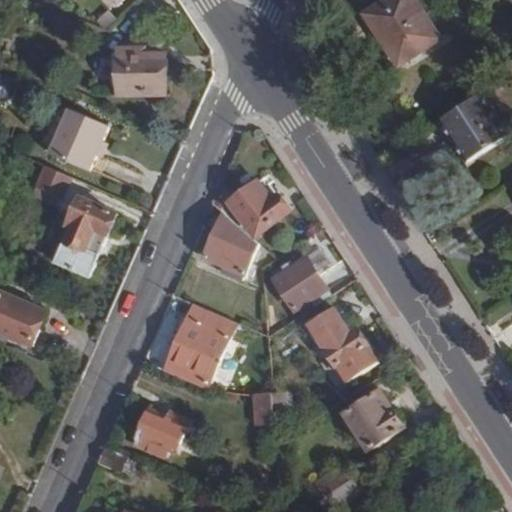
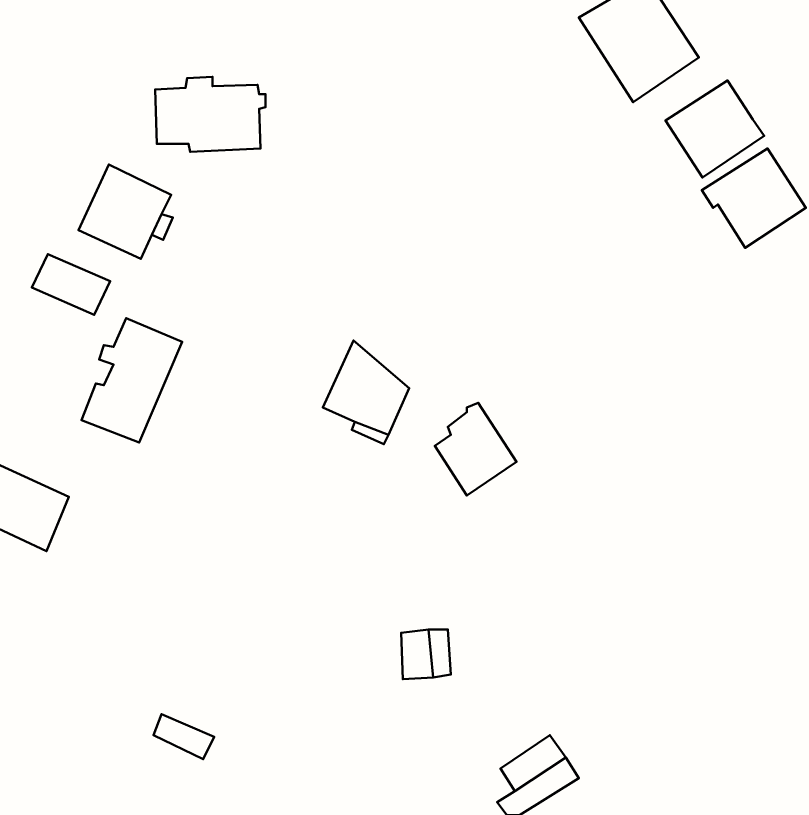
building: none -> [666,81,764,177]
building: [225,180,284,233] -> none
building: [155,306,234,390] -> none
building: [307,309,375,380] -> none
building: [344,390,404,450] -> none
building: [133,408,190,458] -> none

